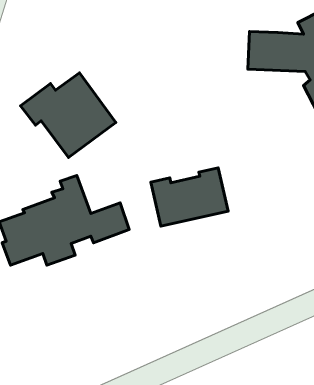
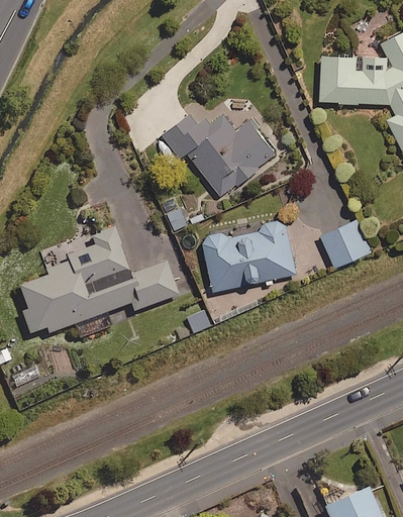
building: [20,73,116,157] -> [162,95,278,198]
building: none -> [321,221,370,269]

